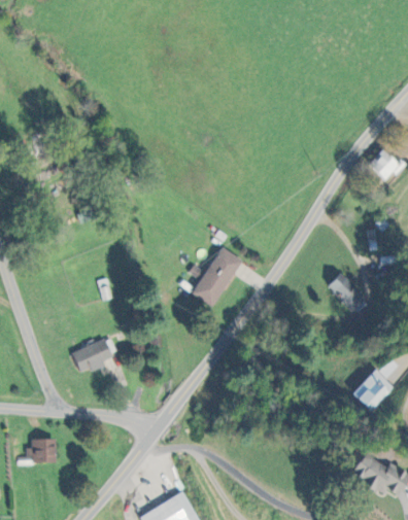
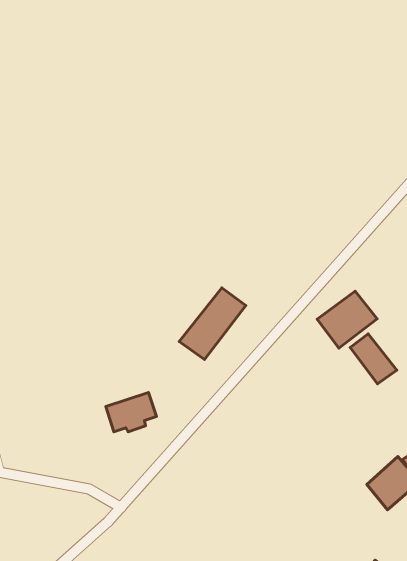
building: none -> [317,291,377,348]
building: [72,338,113,372] -> [106,392,157,432]

